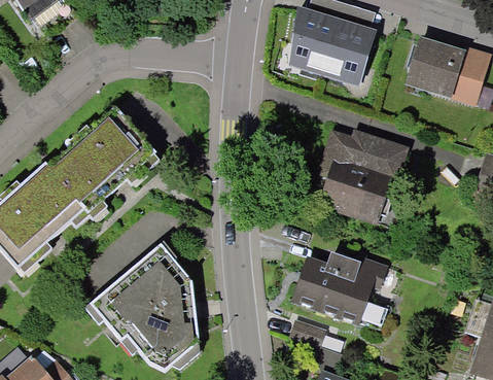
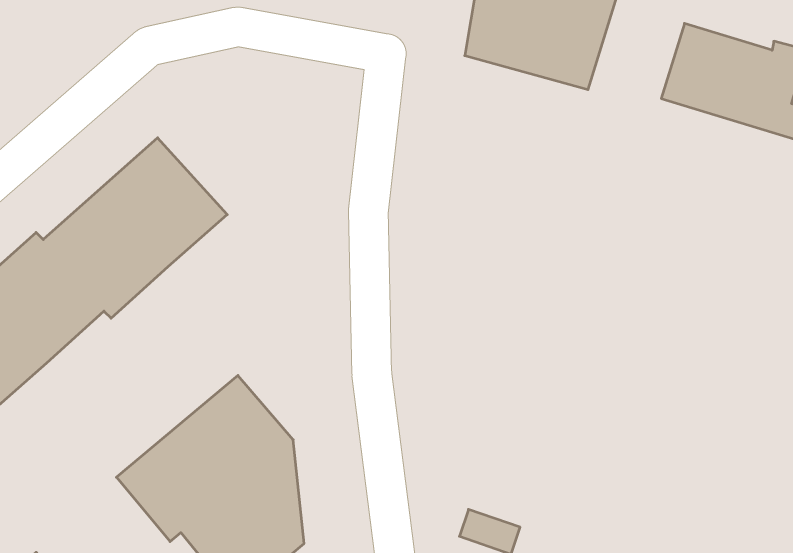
building: [318,134,403,224] -> none
building: [290,255,386,329] -> none

